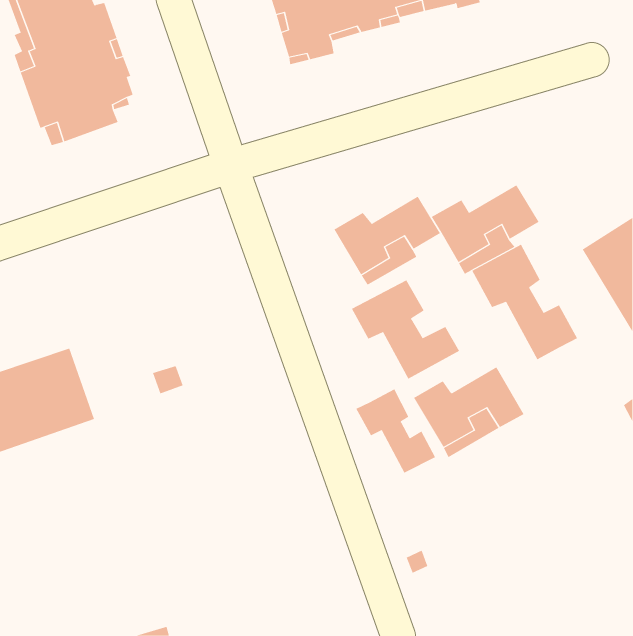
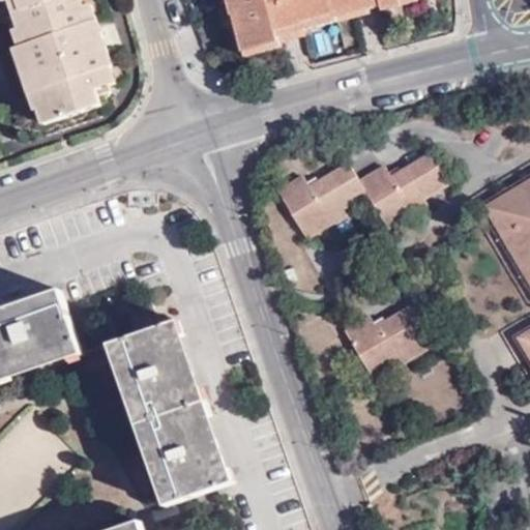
building: [471,244,578,360] -> none
building: [351,279,460,379] -> none
building: none -> [107,321,226,505]
building: [356,389,436,473] -> none

